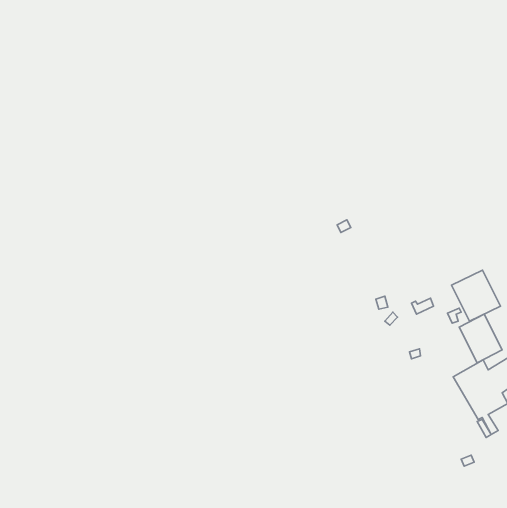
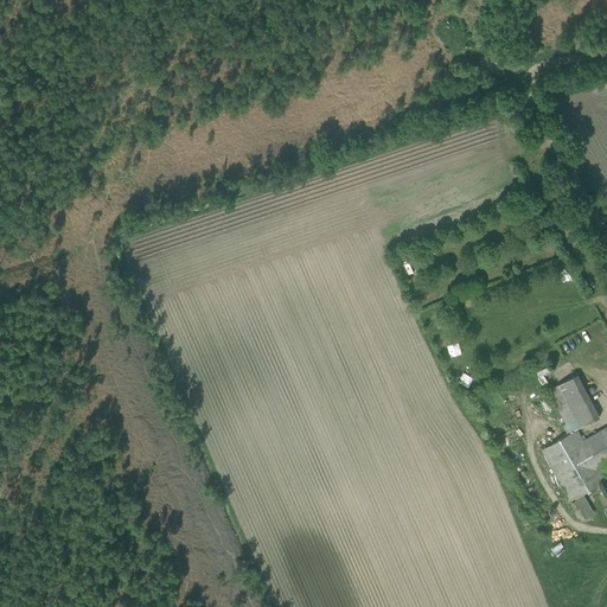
building: [452,270,501,321] -> none

